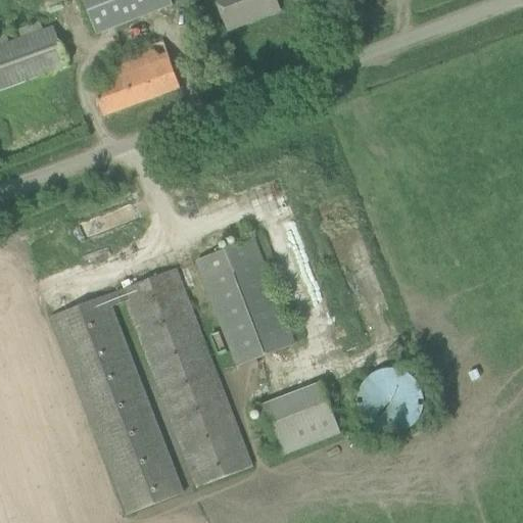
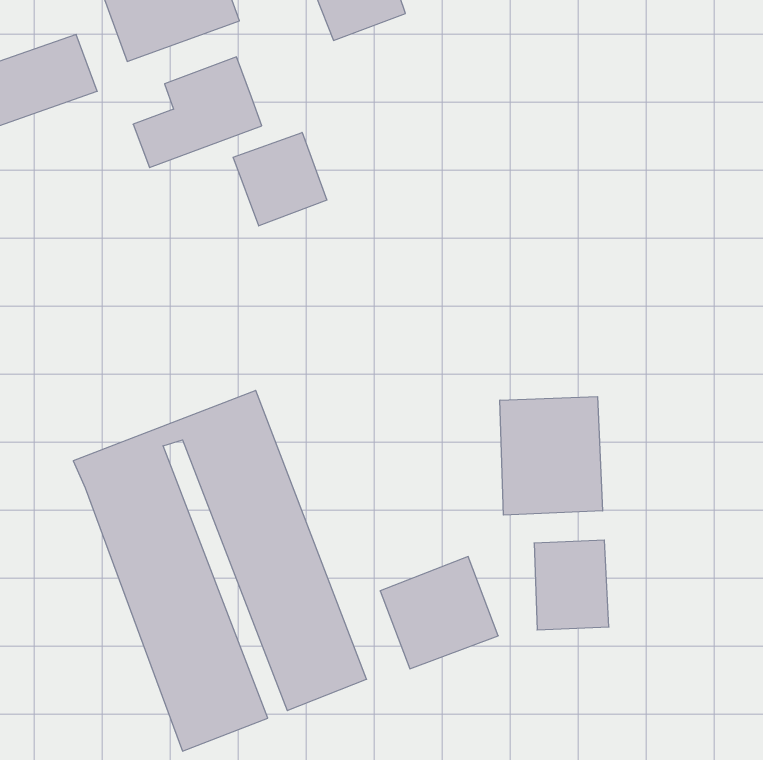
building: none -> [233,132,327,226]
building: [197,237,291,364] -> none
building: none -> [500,397,603,515]

